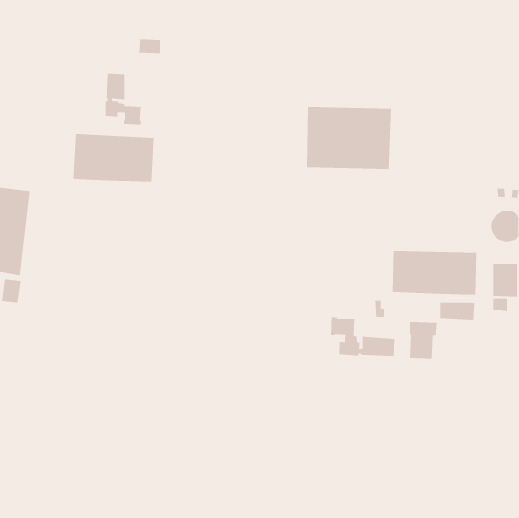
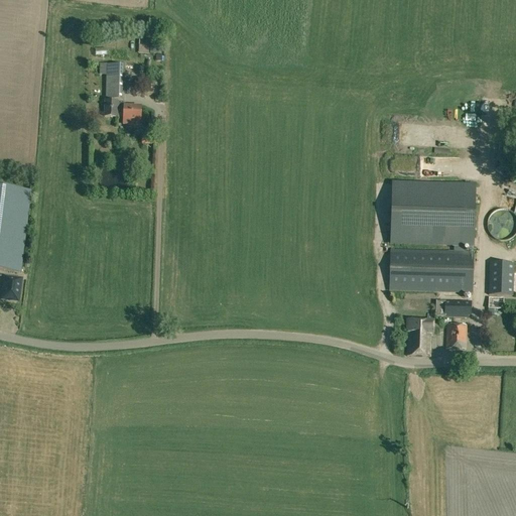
building: [306,107,392,170] -> [390,182,475,245]
building: [73,133,154,183] -> none
building: [330,317,395,357] -> none
building: none -> [445,322,466,349]

